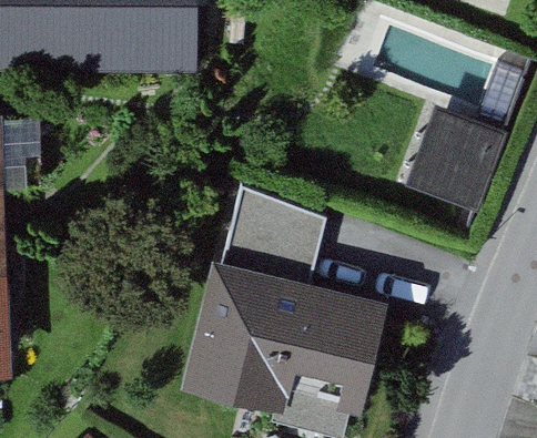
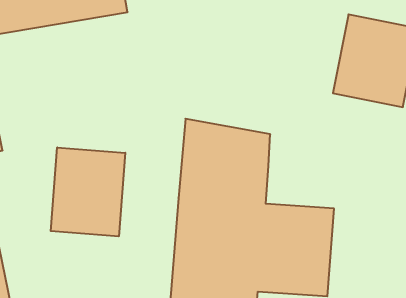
building: none -> [51,147,125,236]

